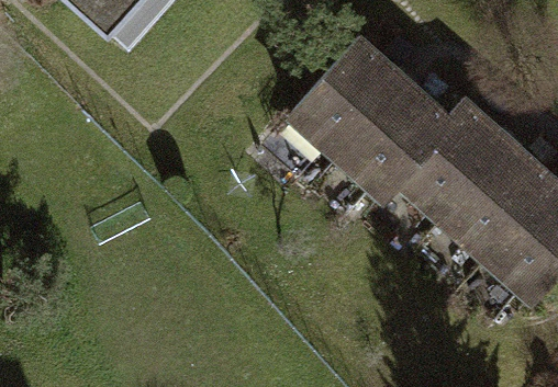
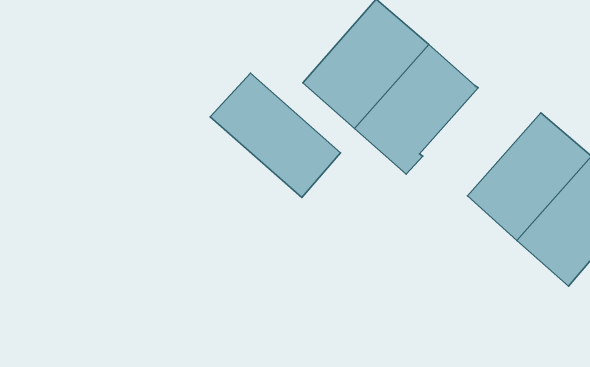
building: [397,102,507,219] -> none
building: none -> [210,73,340,197]

